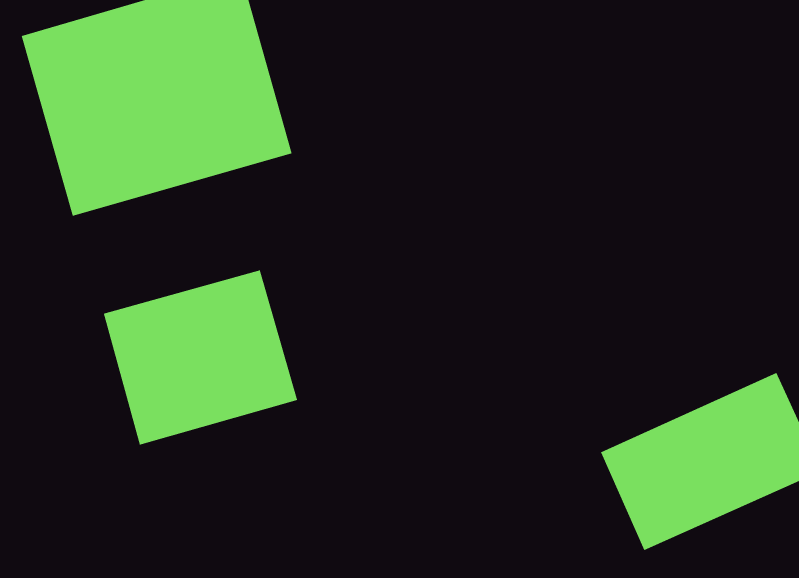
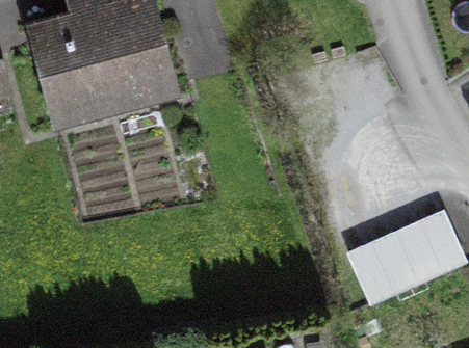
building: [103,269,298,446] -> none

